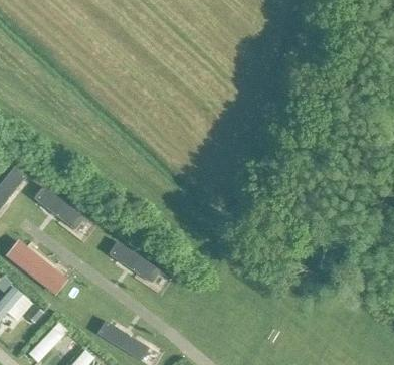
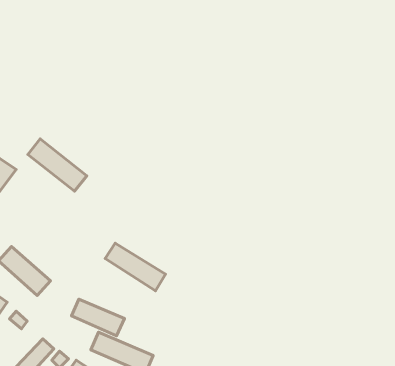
building: [33,185,86,232] -> [28,139,87,191]
building: none -> [72,299,124,336]

